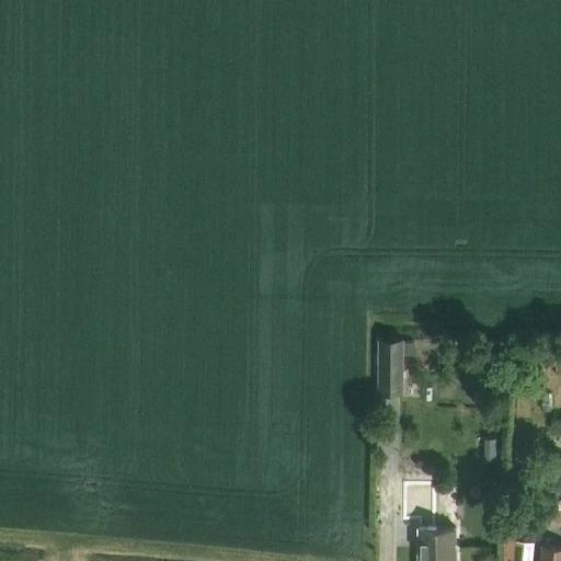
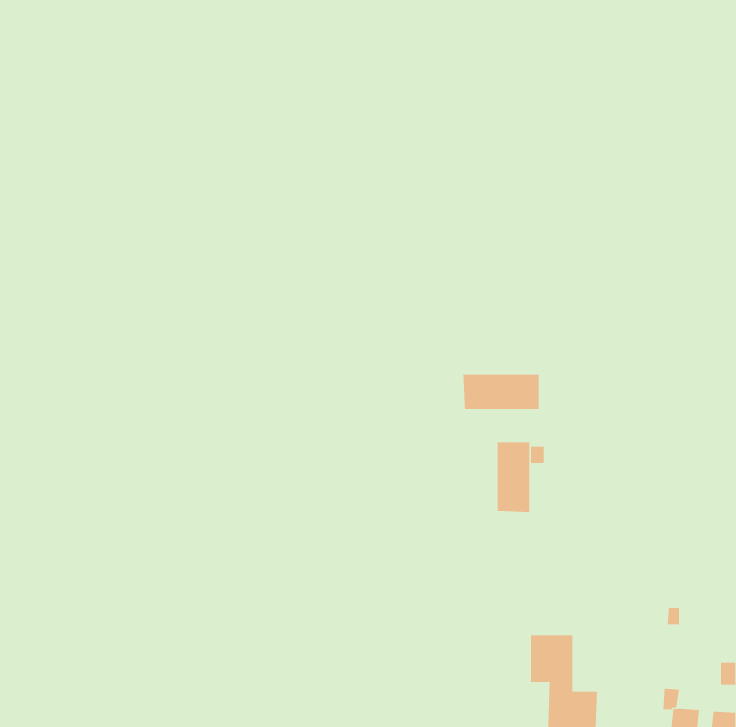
building: none -> [463,374,539,410]

